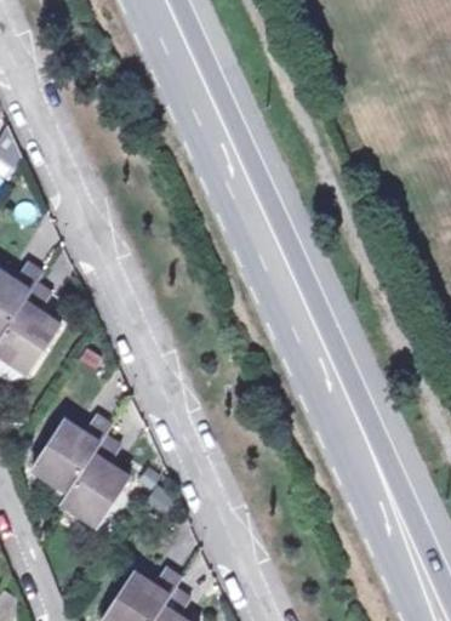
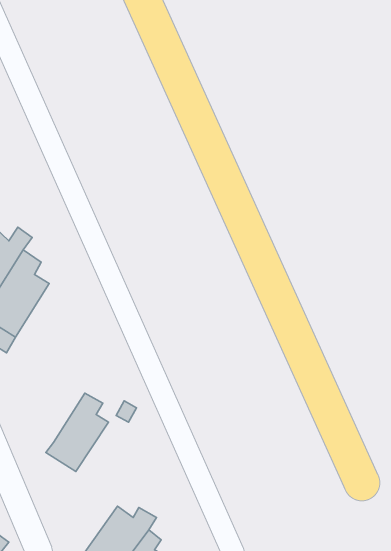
building: [29,418,105,495] -> none

